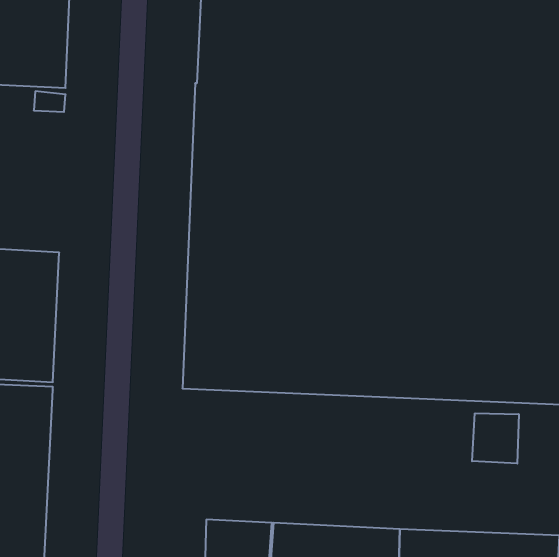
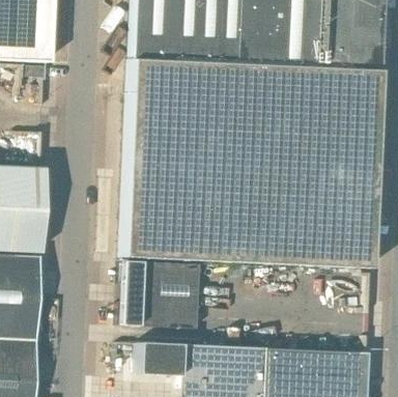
building: none -> [120,262,201,330]
building: [472,413,519,464] -> none

